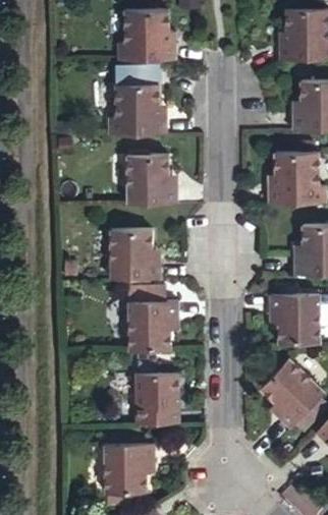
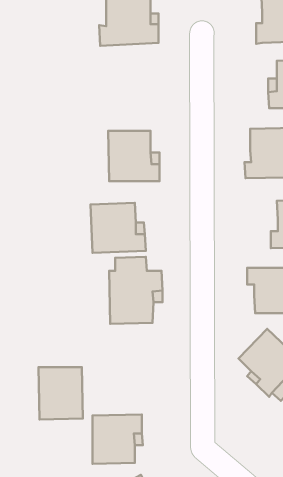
building: [106,82,169,134] -> none
building: [133,371,179,425] -> [38,367,83,419]

